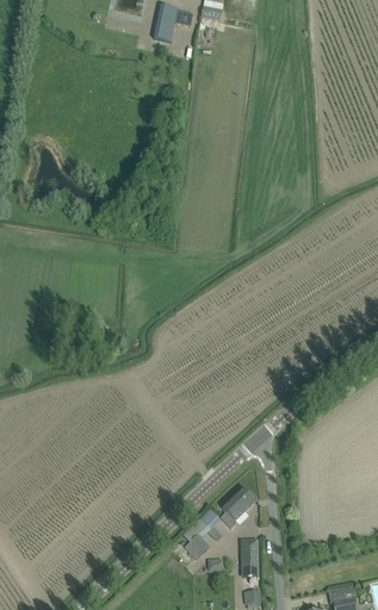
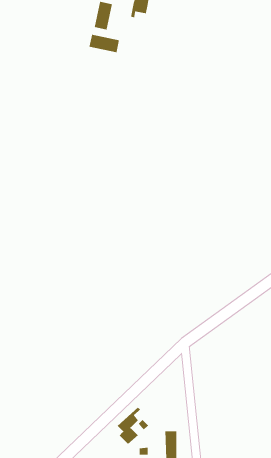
building: none -> [89,34,120,53]
building: [221,486,256,528] -> none

